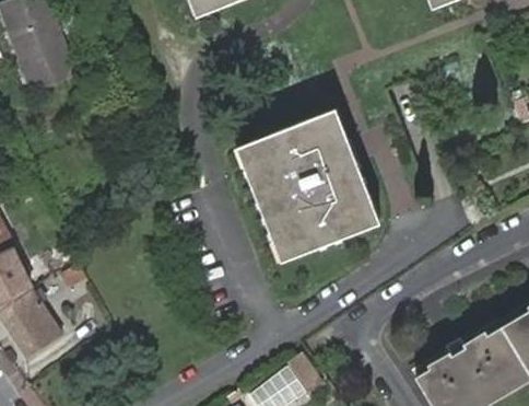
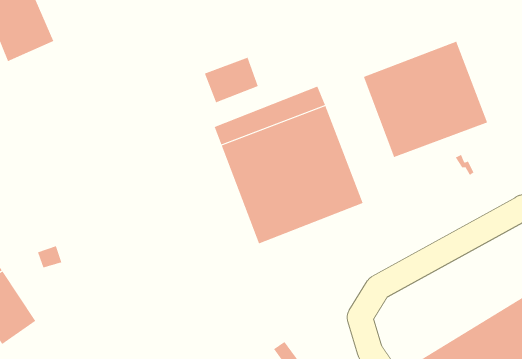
building: none -> [363,41,488,158]
building: none -> [204,57,259,103]

